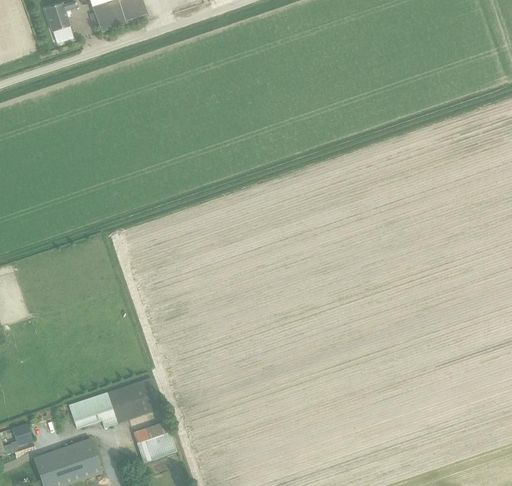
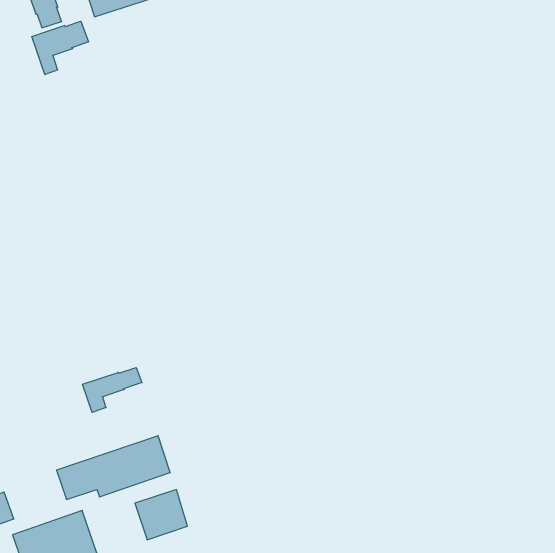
building: none -> [32,21,89,75]
building: none -> [83,368,142,412]

